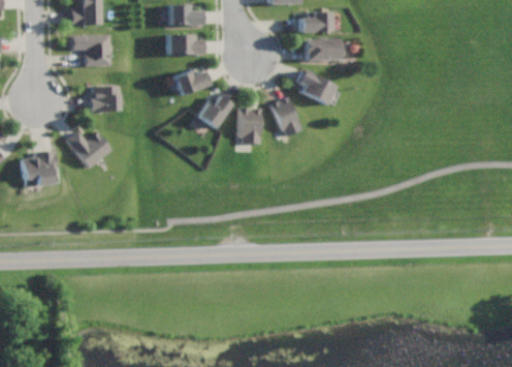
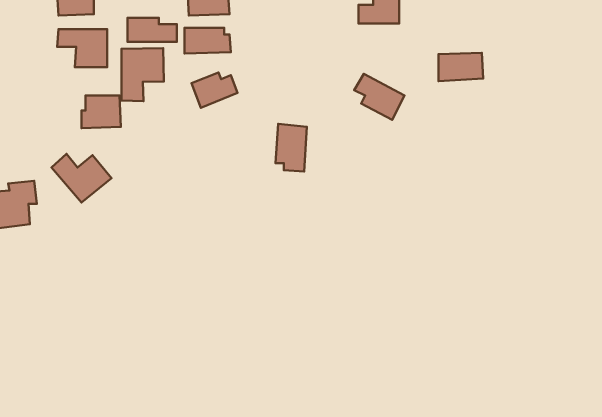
building: none -> [127,18,177,42]
building: [306,38,340,60] -> [438,53,483,81]
building: none -> [122,48,164,101]
building: [197,94,231,127] -> none
building: [269,97,301,135] -> none

